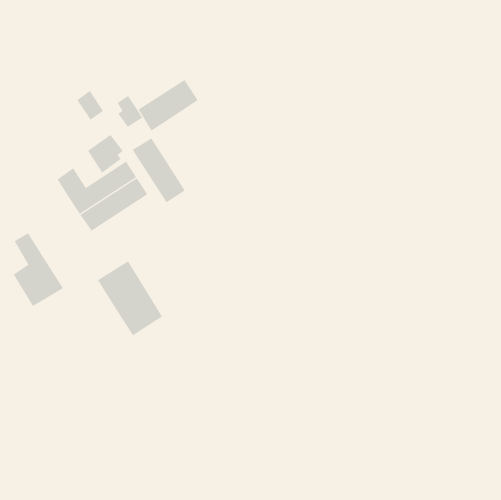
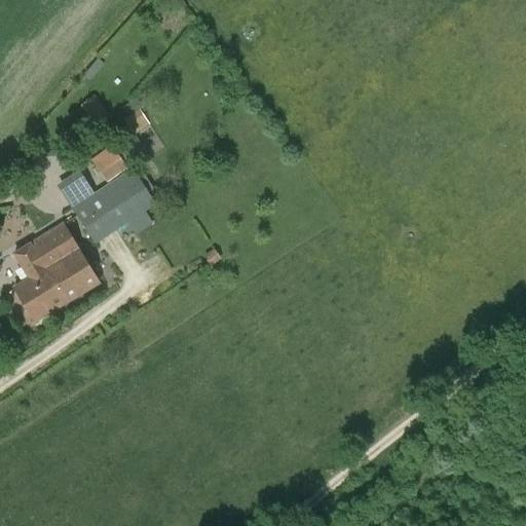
building: [138,79,199,131] -> none
building: [132,138,185,203] -> none
building: [97,261,163,336] -> [30,223,99,302]

